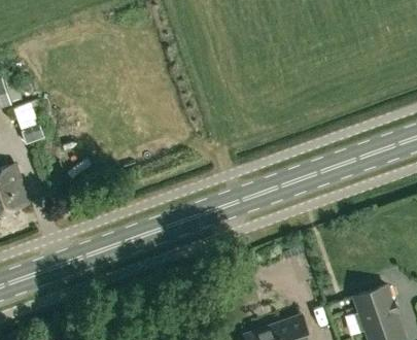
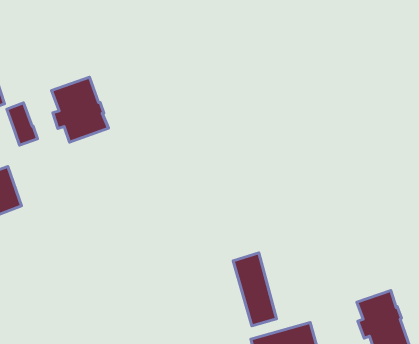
building: none -> [51,77,108,142]
building: none -> [233,253,277,326]

